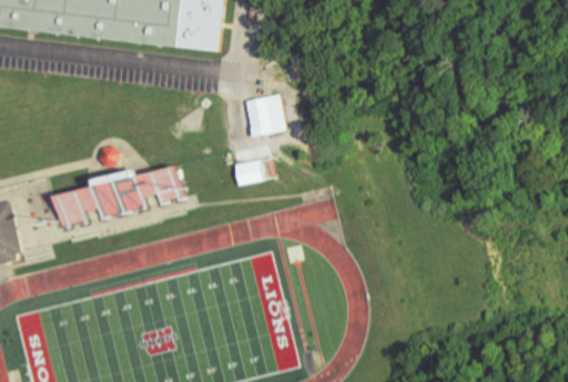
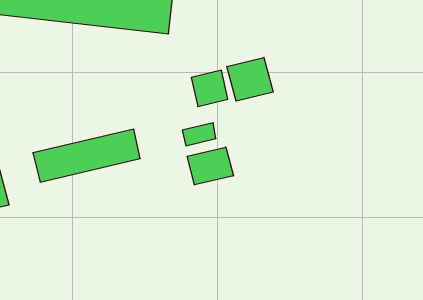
building: none -> [227,57,273,101]
building: none -> [187,147,233,185]

